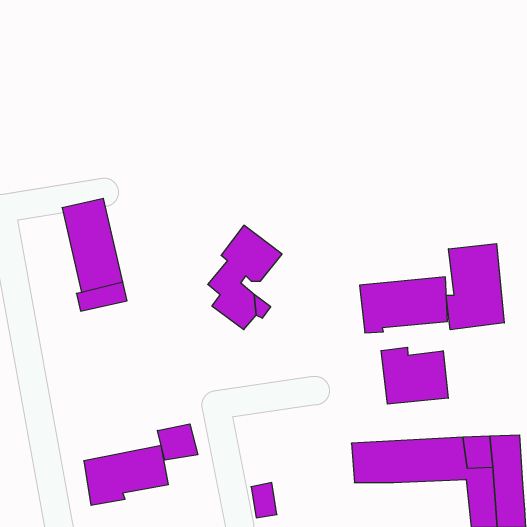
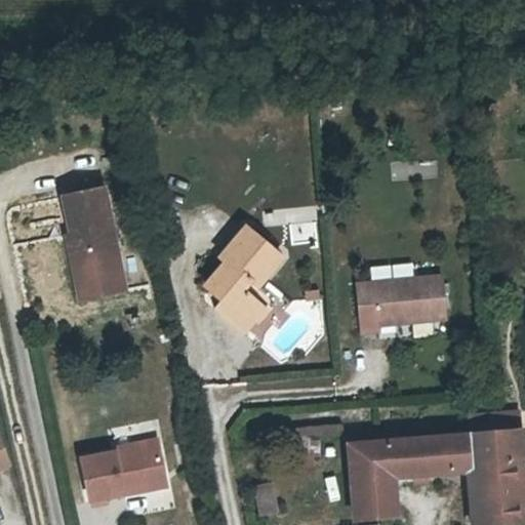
building: [446,244,504,330] -> none
building: [381,347,448,404] -> none
building: [157,424,198,460] -> none
building: none -> [353,479,394,519]

